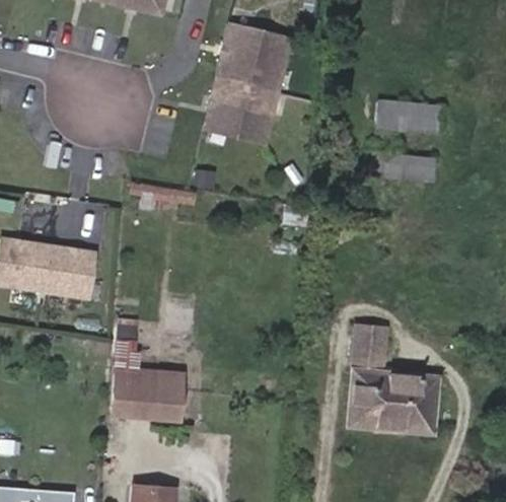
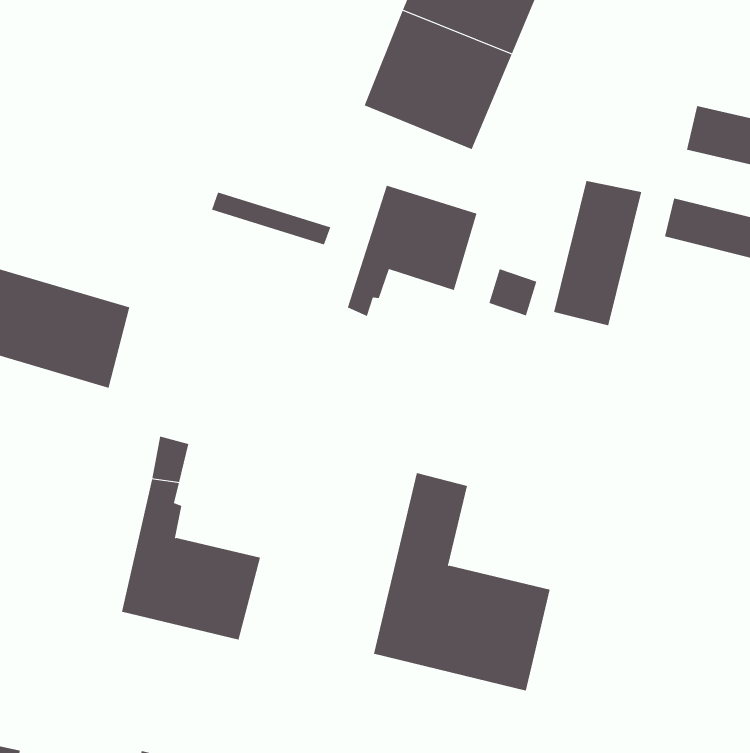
building: none -> [554,180,642,326]
building: none -> [347,185,477,317]
building: [349,326,438,433] -> [373,473,550,691]

